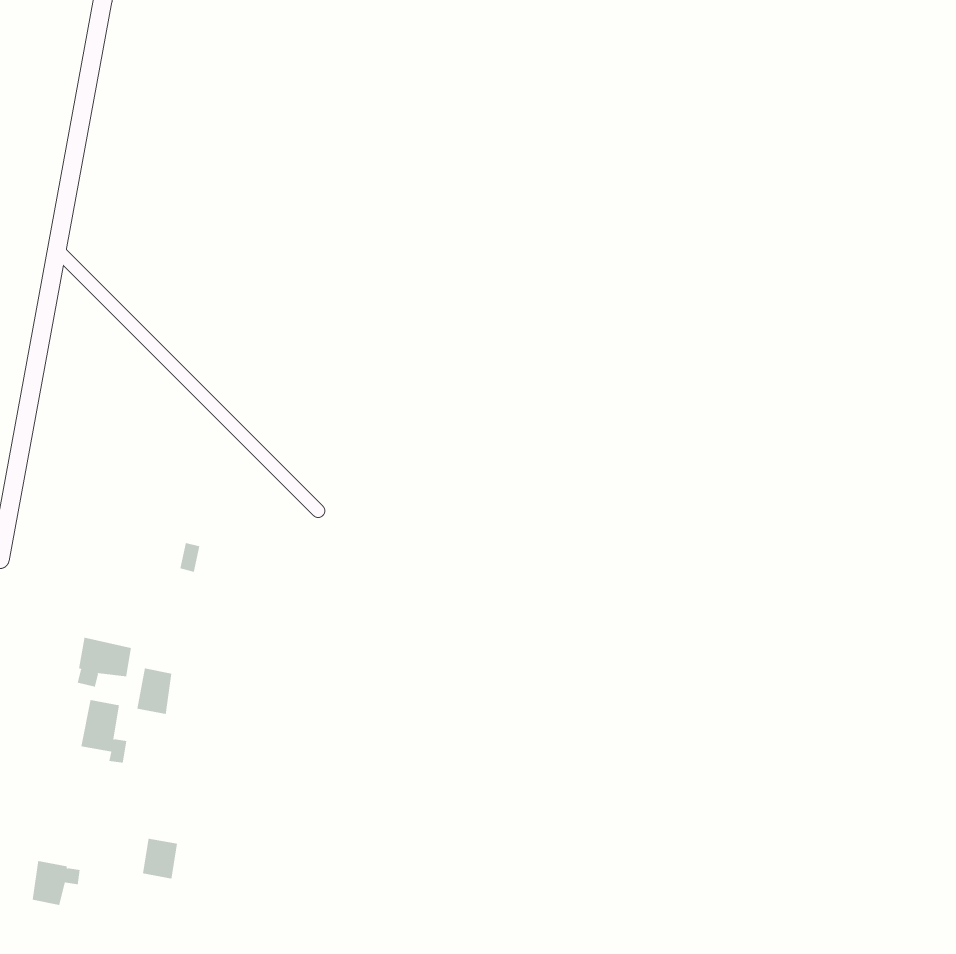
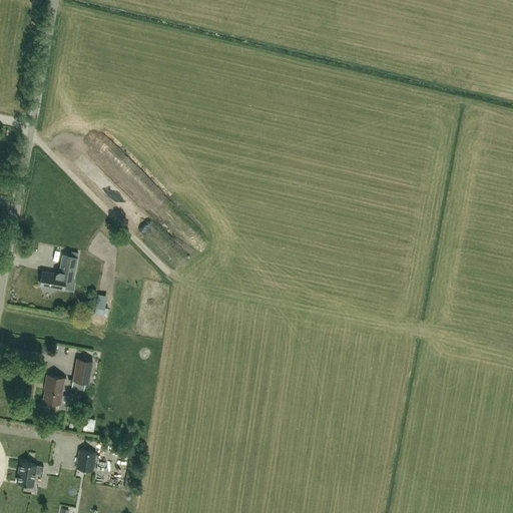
building: none -> [40,255,77,293]
building: [77,637,132,687] -> none

